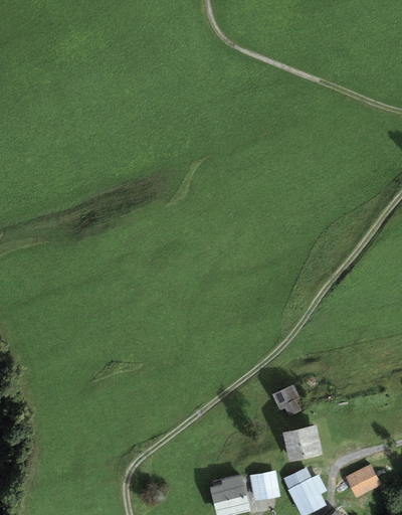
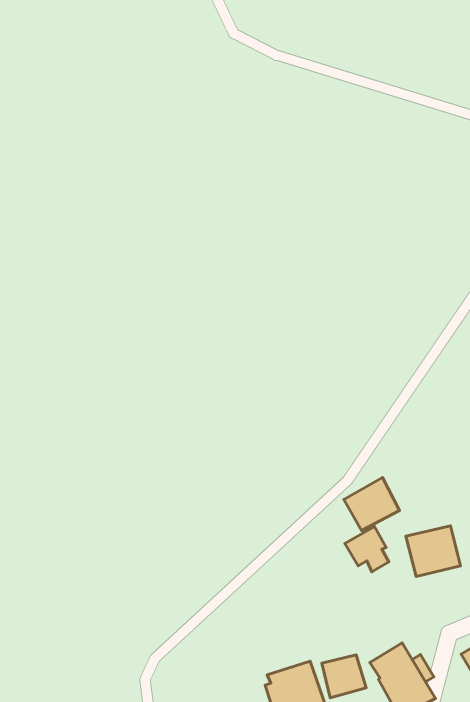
building: none -> [344,478,400,530]
building: [284,426,321,460] -> [406,526,461,576]

